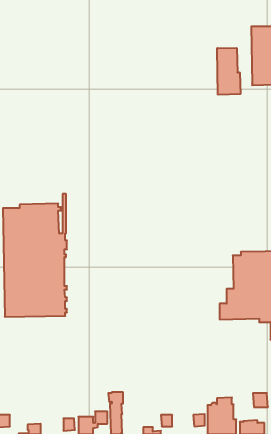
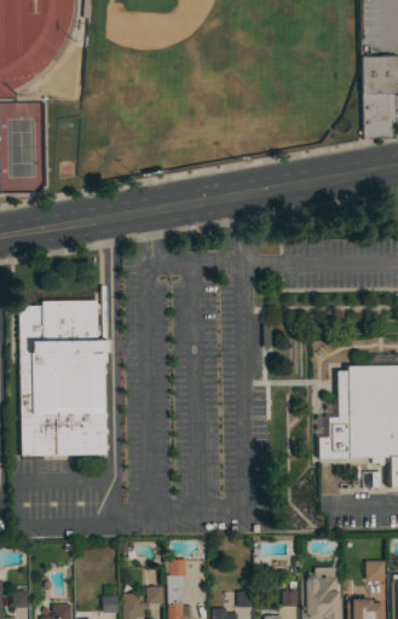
building: [217,48,240,95] -> none

